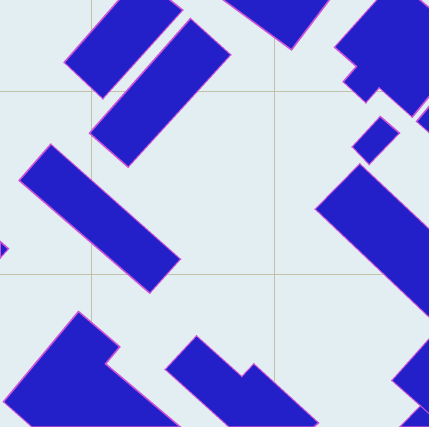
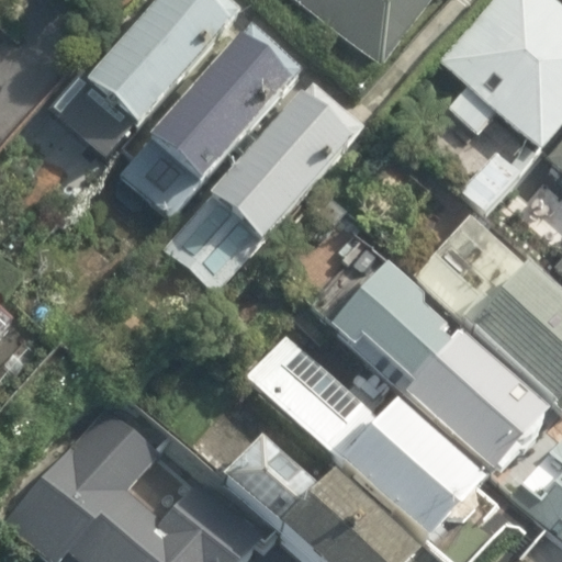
building: none -> [171,80,364,294]
building: [19,144,181,293] -> none
building: none -> [329,261,547,470]
building: none -> [247,333,484,541]

